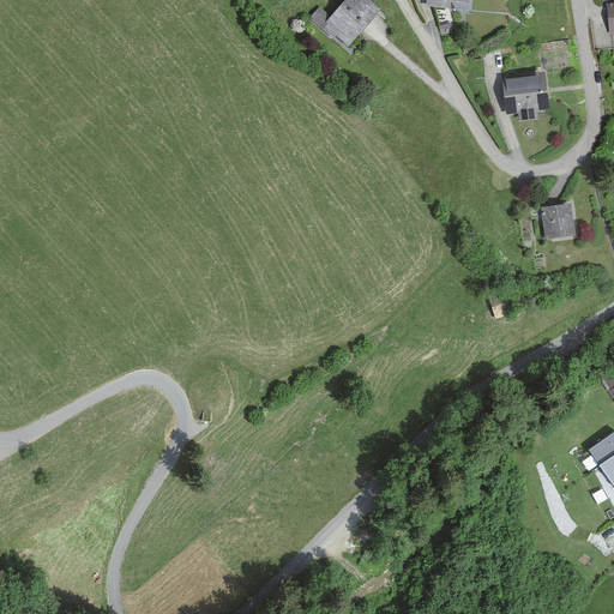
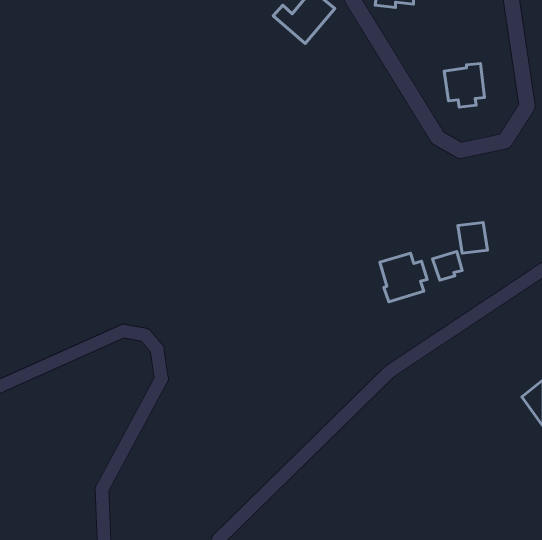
building: [540,201,573,236] -> [458,222,488,253]
building: none -> [380,253,427,302]

